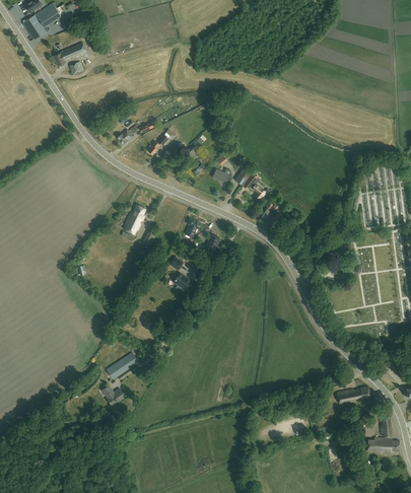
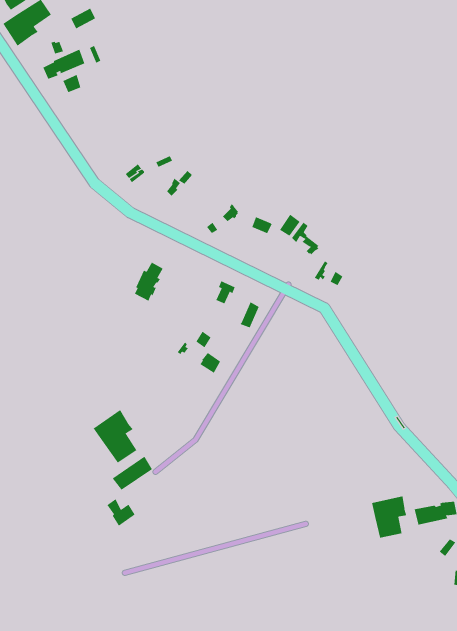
building: none -> [93,409,137,464]
building: none -> [372,495,407,539]

